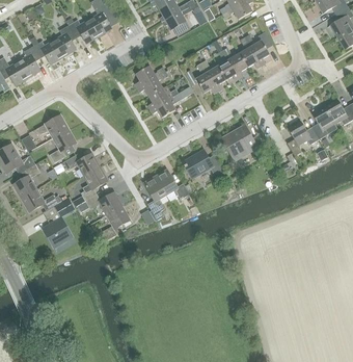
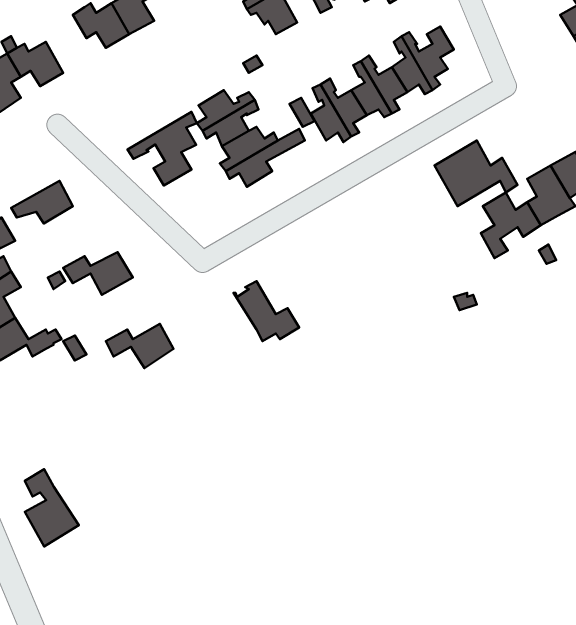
building: [53,25,75,56] -> none
building: none -> [127,112,197,185]
building: [221,125,266,160] -> [434,140,518,206]
building: [49,128,76,162] -> none
building: [181,149,224,179] -> none
building: [80,166,107,201] -> none
building: [142,175,166,219] -> none
building: [43,205,72,247] -> [25,469,79,547]
building: [102,205,130,239] -> none

